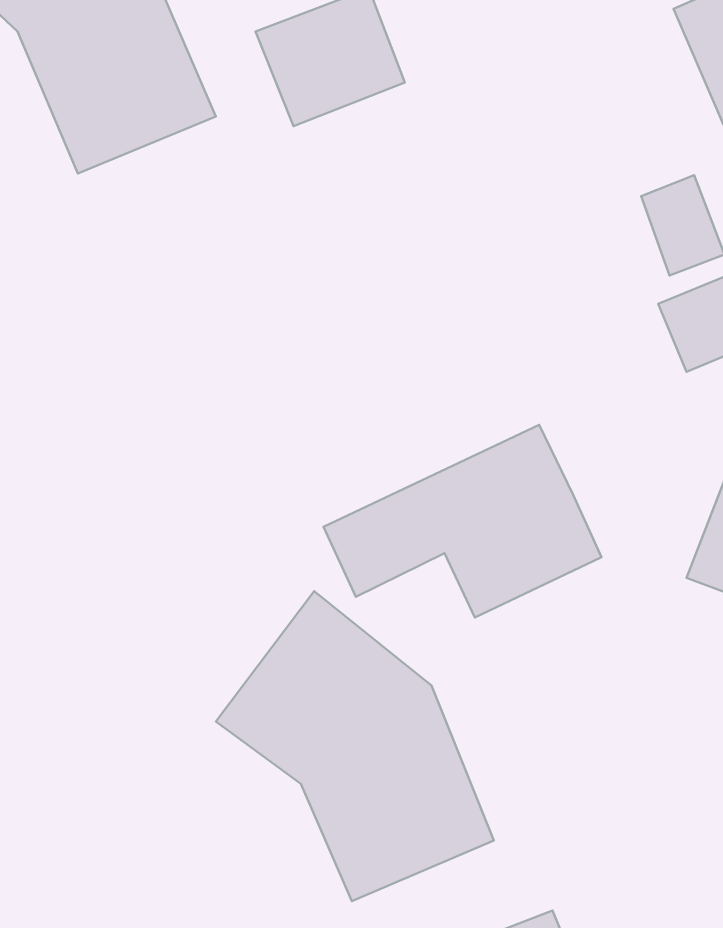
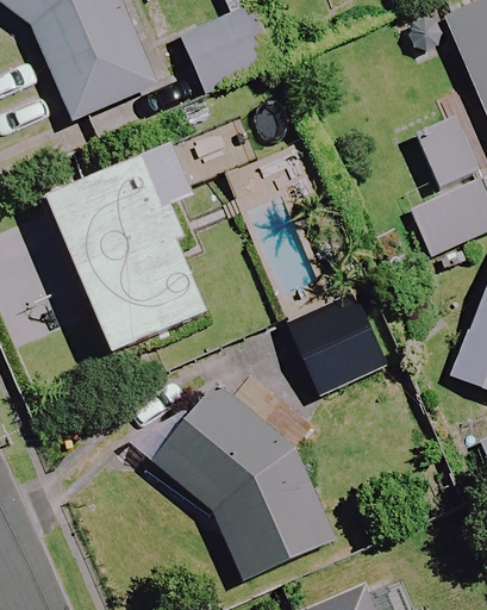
building: none -> [48,145,211,354]

